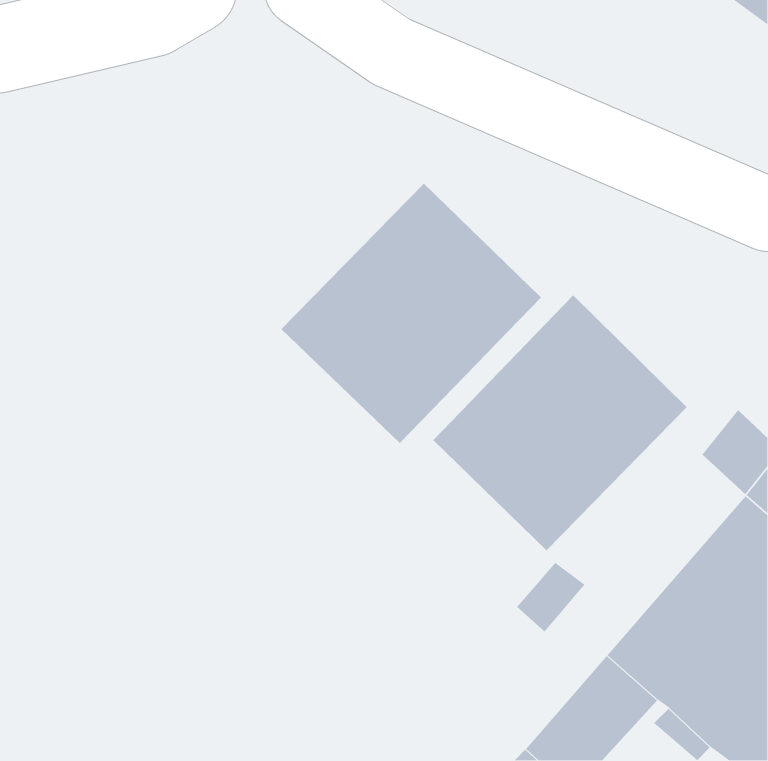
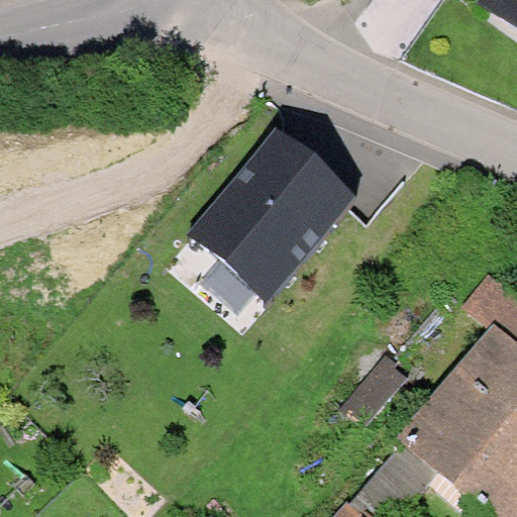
building: [432,295,687,551] -> none

